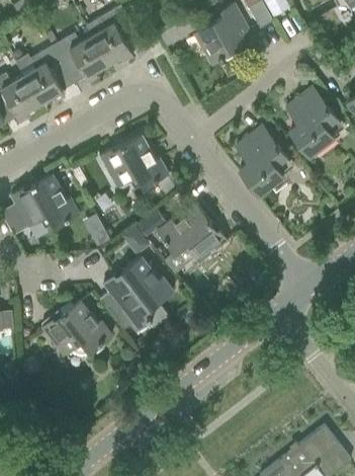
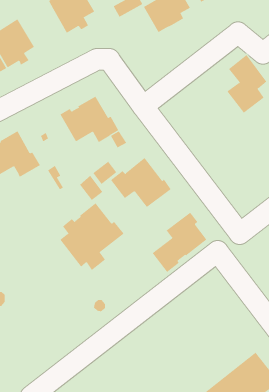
building: [52,33,107,81] -> none
building: [240,127,286,193] -> none
building: none -> [152,212,207,273]
building: [41,301,111,356] -> none

